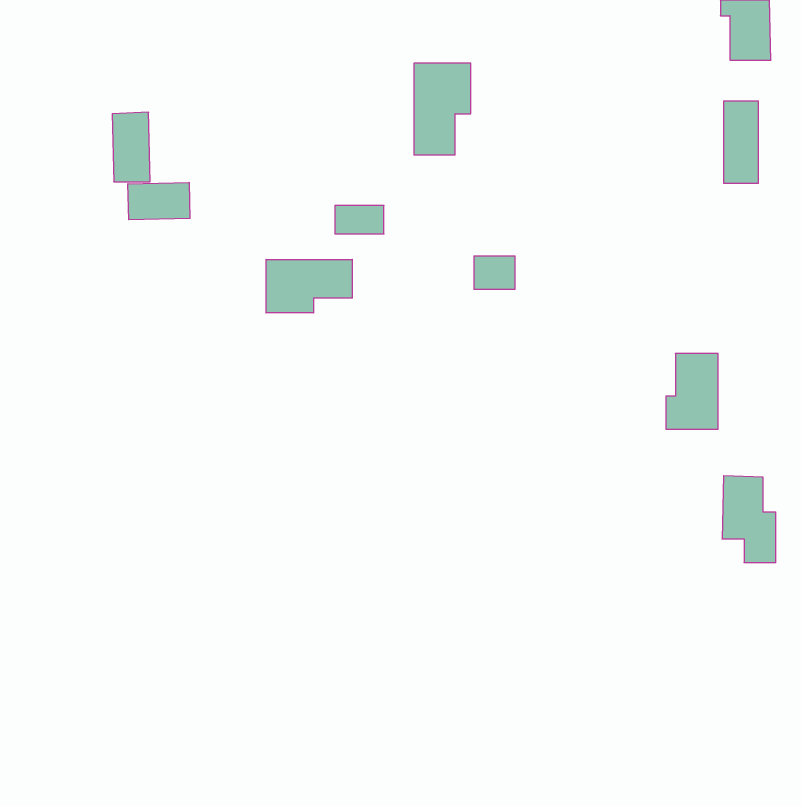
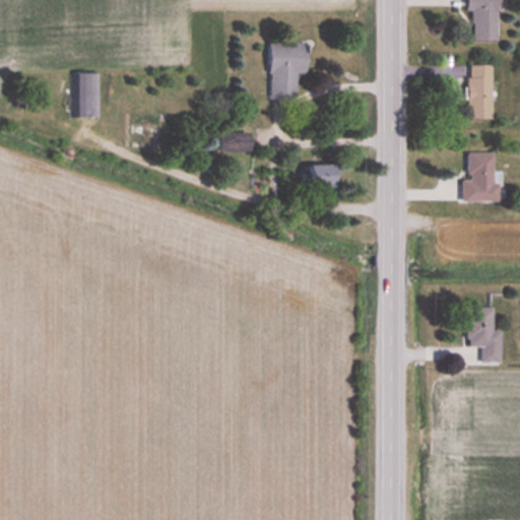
building: [128,182,190,220] -> none
building: [266,259,352,313] -> none
building: [666,353,718,429] -> [463,152,497,201]

